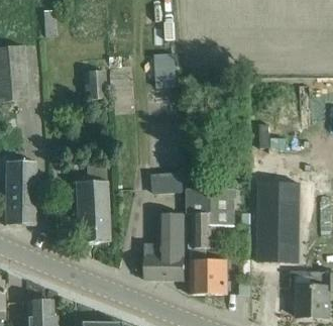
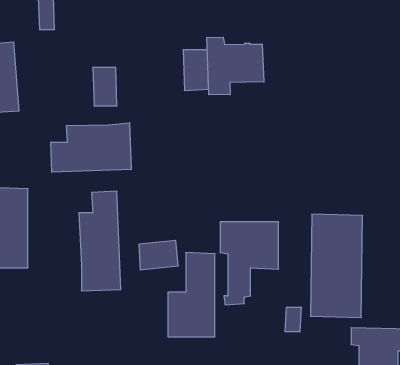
building: none -> [207,37,264,95]
building: none -> [51,123,131,172]
building: [151,171,183,194] -> [139,240,178,270]
building: [192,253,227,295] -> none

